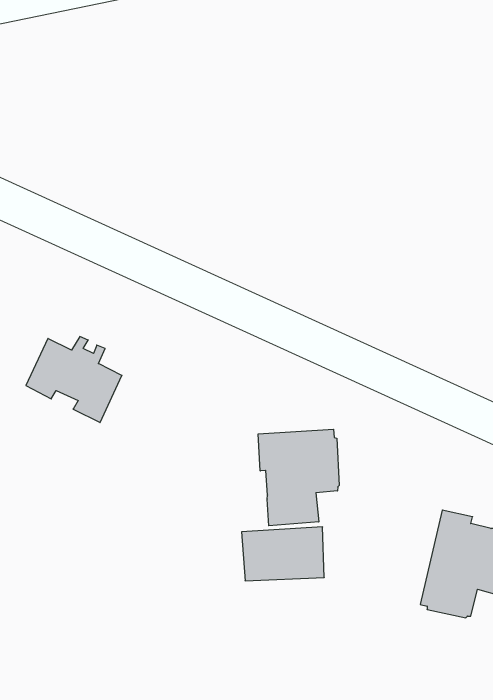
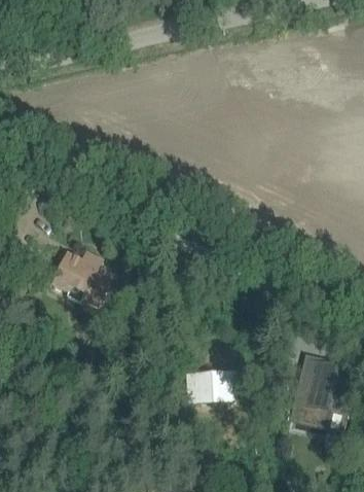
building: [258,429,339,526] -> none

